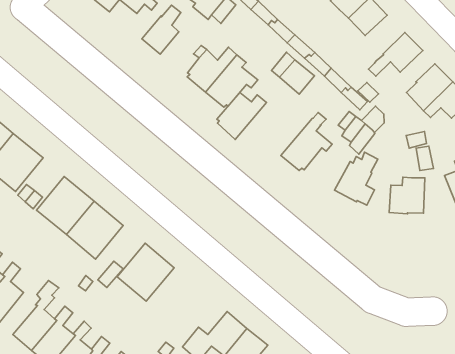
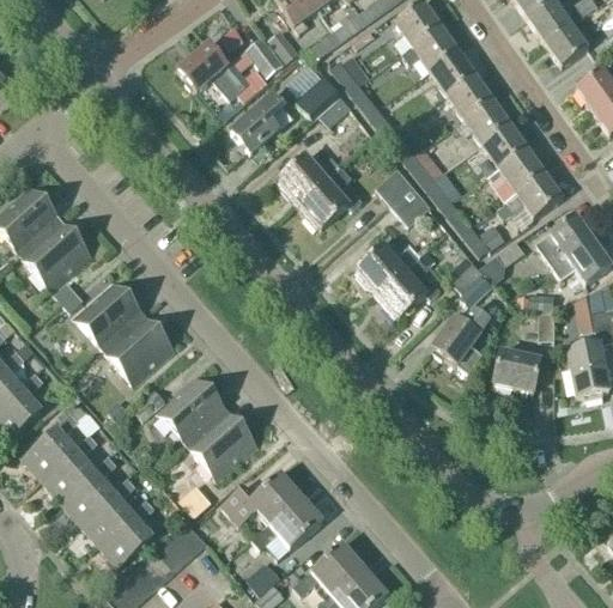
building: none -> [485,148,546,203]
building: [217,93,267,140] -> [357,241,419,296]
building: none -> [187,409,257,480]

